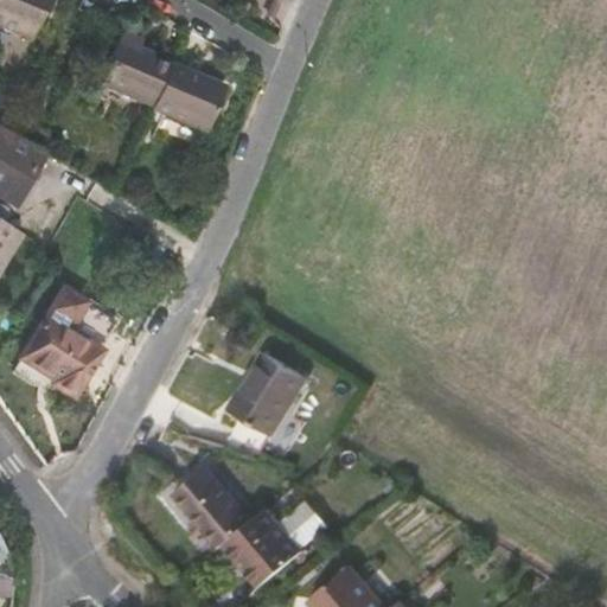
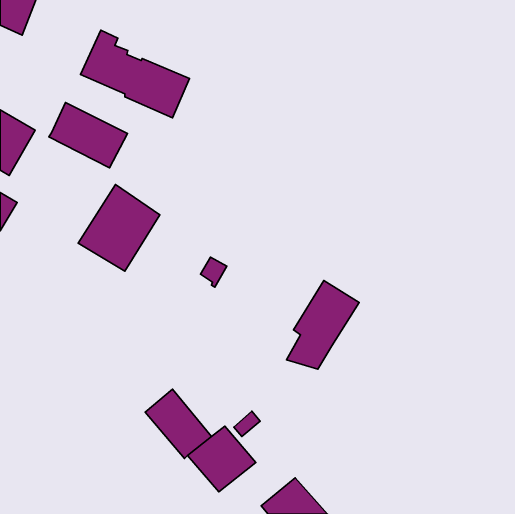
building: none -> [49,103,127,168]
building: [19,295,115,397] -> [78,185,160,271]
building: [226,350,312,454] -> [286,280,359,369]

